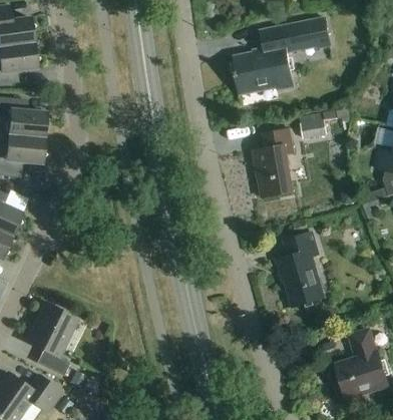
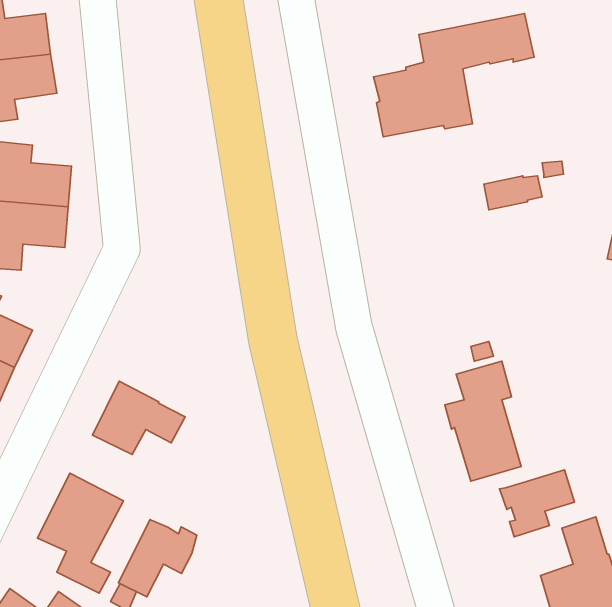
building: [254,129,294,197] -> none
building: none -> [92,381,185,455]
building: none -> [500,470,574,537]
building: none -> [119,520,197,597]

